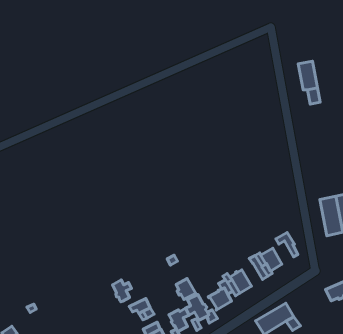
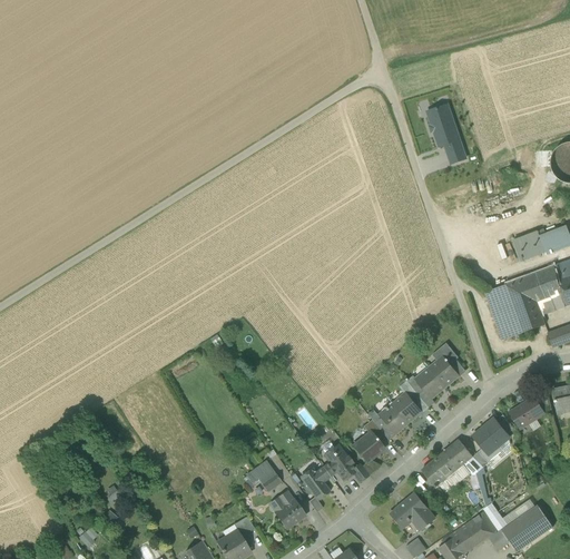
building: none -> [430,354,460,386]
building: none -> [392,391,422,422]
building: [176,278,196,299] -> none
building: [112,280,131,302] -> none
building: none -> [473,418,509,461]

